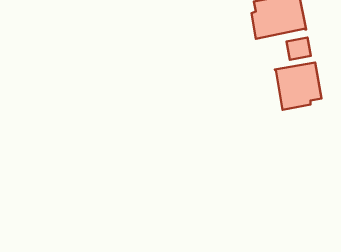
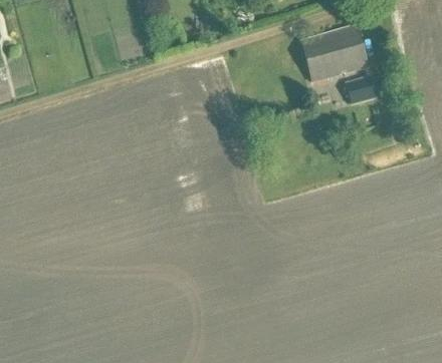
building: [275,62,321,110] -> none

